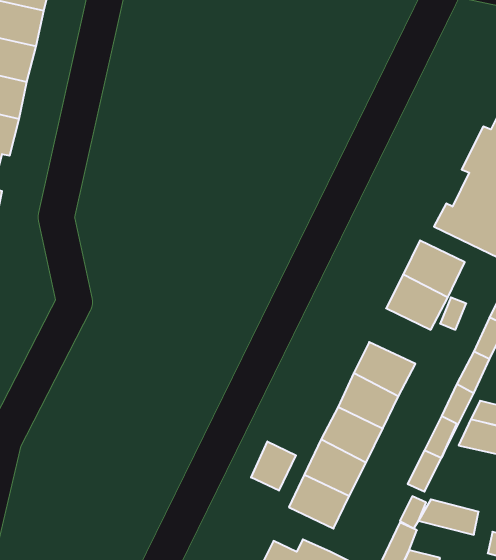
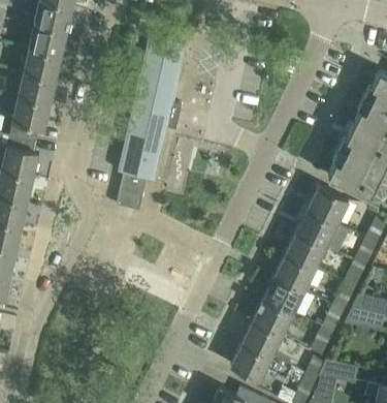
building: none -> [116,36,186,212]
building: none -> [284,233,325,270]
building: [251,441,296,491] -> none

